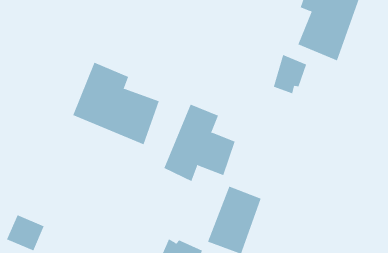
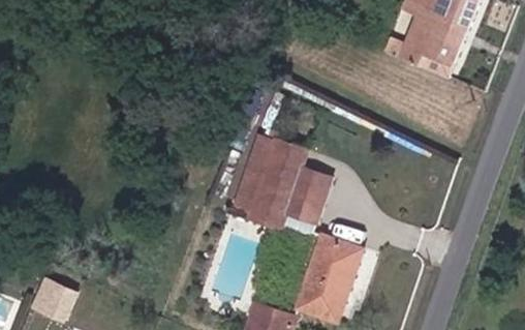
building: [273,54,307,94] -> none
building: [73,62,160,145] -> none

